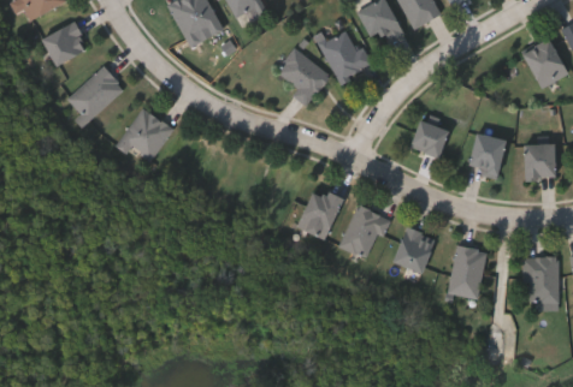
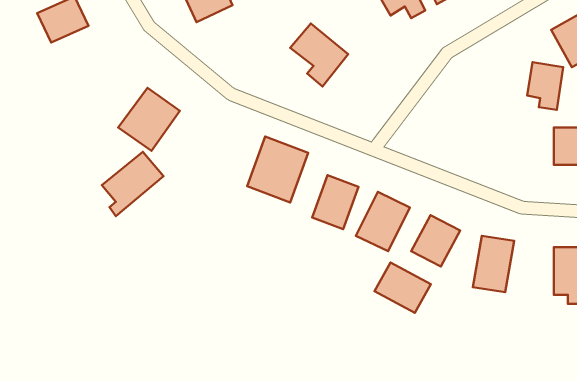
building: [320,30,372,81] -> none
building: [66,66,124,126] -> [102,152,164,216]
building: [409,120,448,157] -> none
building: [469,133,503,178] -> [527,62,563,110]
building: none -> [247,137,308,202]
building: none -> [375,263,431,313]

